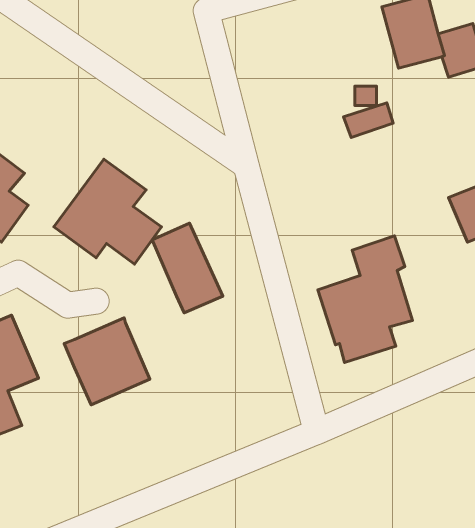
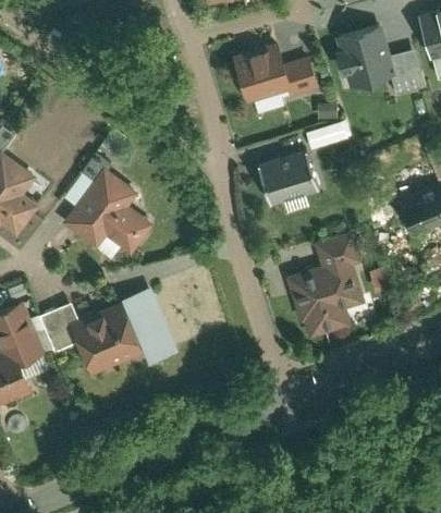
building: none -> [230,41,320,105]
building: none -> [256,149,319,205]
building: [152,223,223,313] -> [121,291,181,367]
building: none -> [38,301,77,353]

